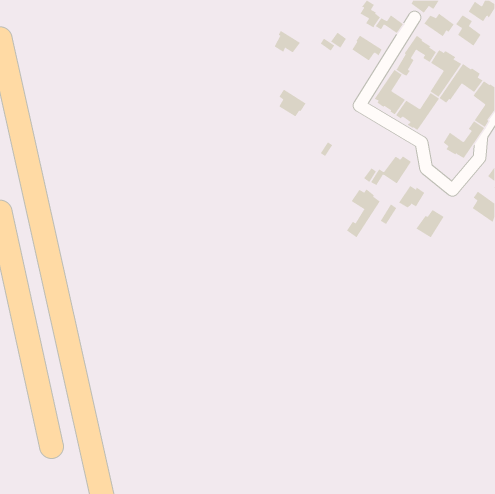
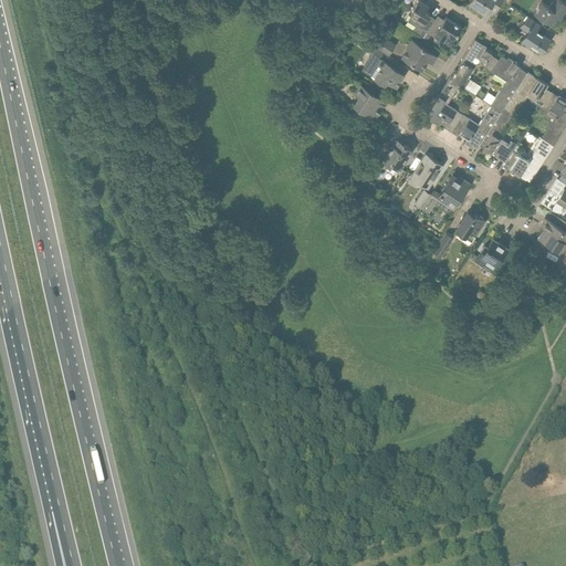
building: [423,13,454,37] -> none
building: [274,30,301,53] -> [374,61,405,87]
building: [279,89,307,117] -> [354,86,386,118]
building: none -> [480,114,517,164]
building: none -> [381,140,413,170]
building: none -> [411,156,442,189]
building: [346,189,381,238] -> none

